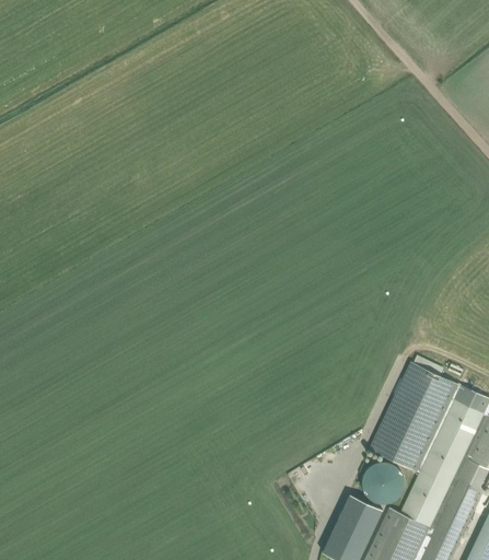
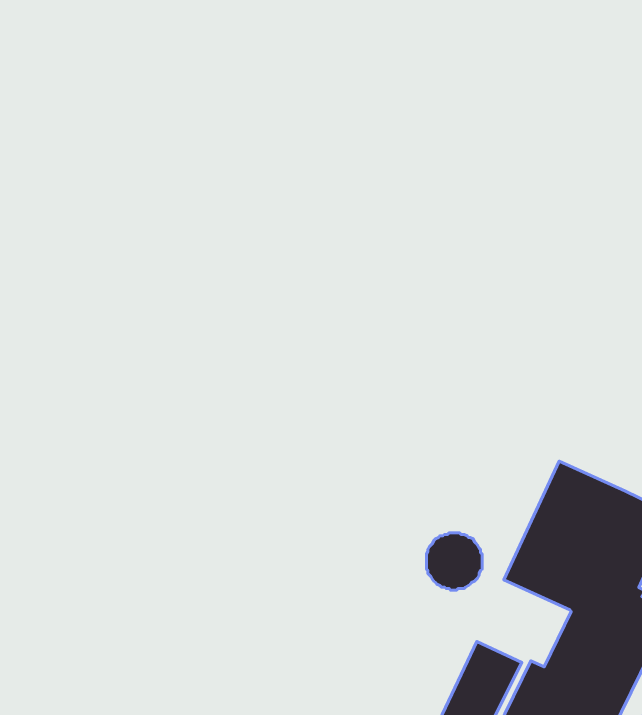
building: [363,463,404,504] -> [426,533,482,590]

